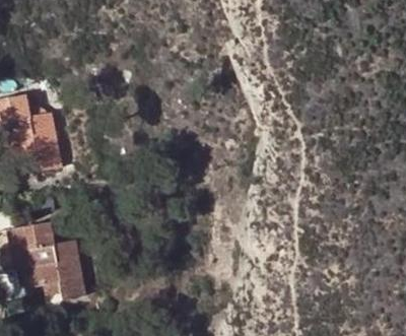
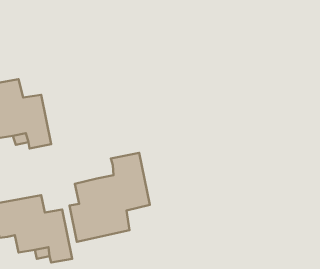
building: none -> [70,153,150,242]

